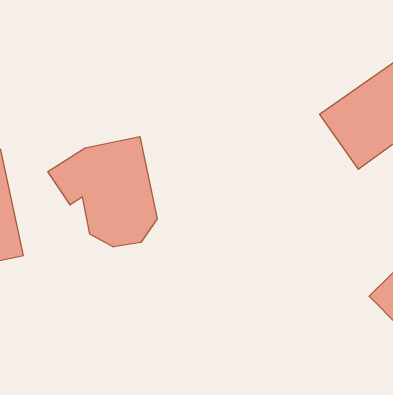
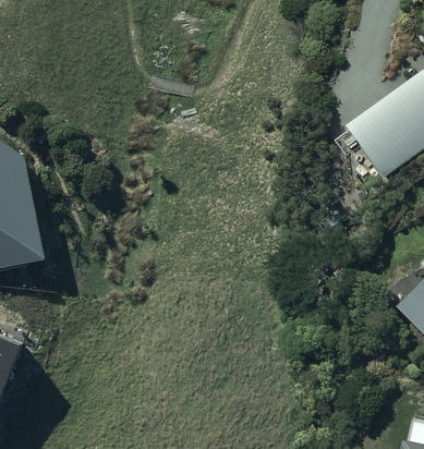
building: [48,136,157,247] -> none

